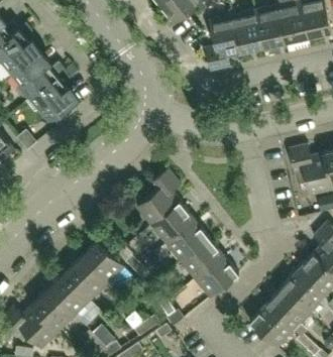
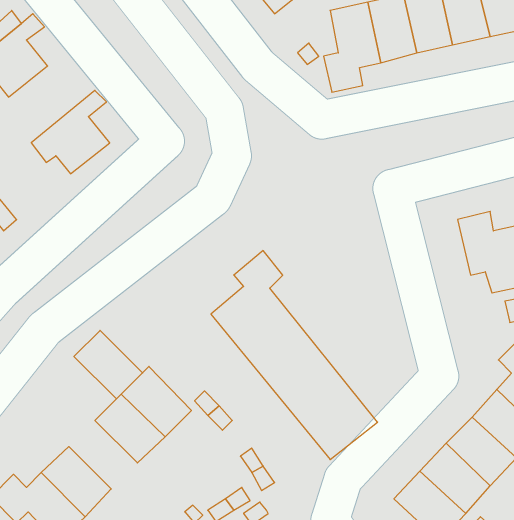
building: [11,54,65,102] -> none
building: [48,273,91,316] -> [74,330,143,399]

